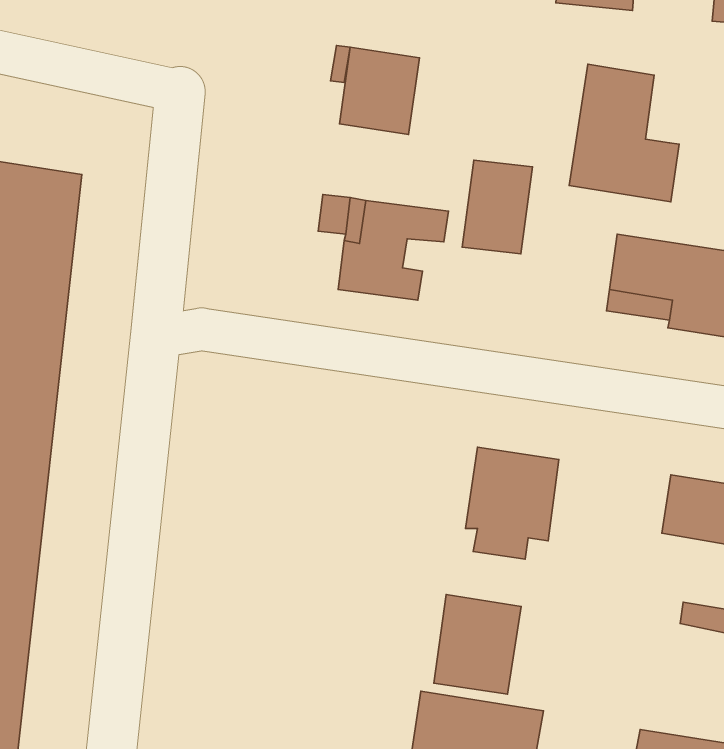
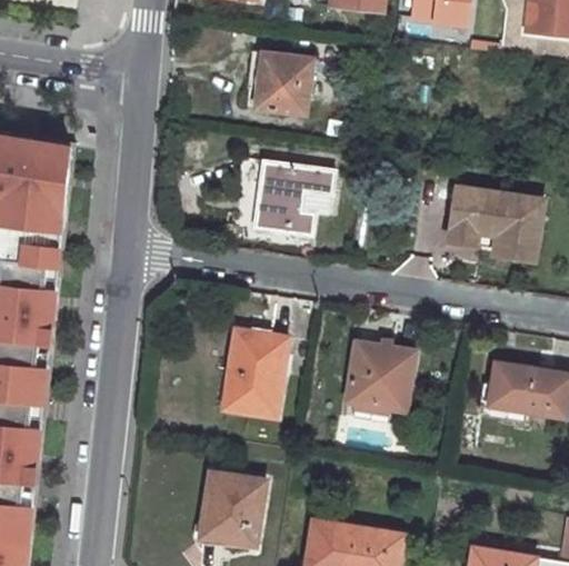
building: [569,64,679,202] -> none
building: [462,160,532,254] -> none
building: none -> [230,328,288,417]
building: [434,594,521,694] -> [202,471,266,544]

